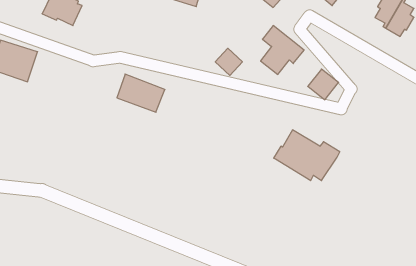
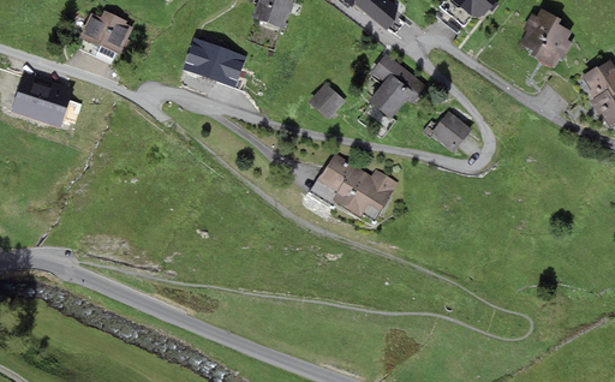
building: [117,74,165,112] -> [183,37,246,88]
building: [274,130,340,181] -> [310,154,398,221]

